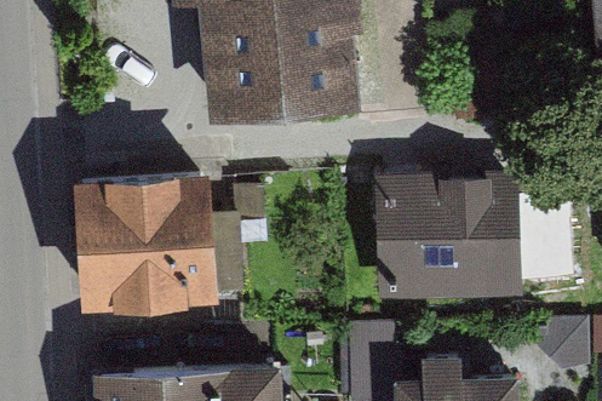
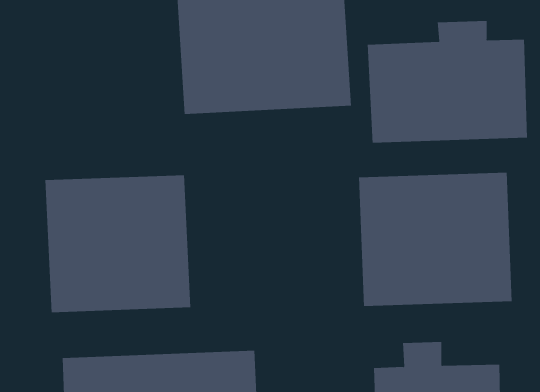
building: none -> [367,20,528,143]

